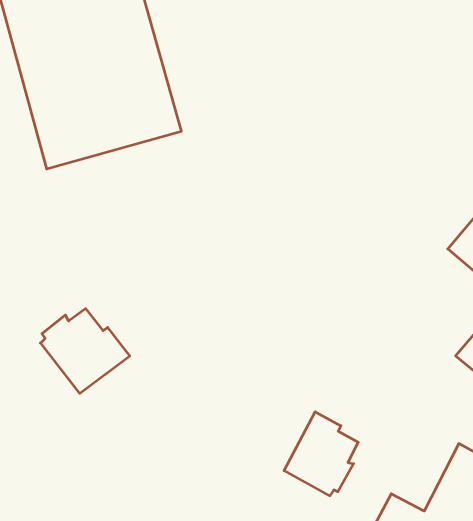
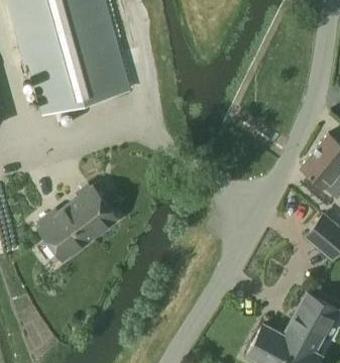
building: none -> [67,185,117,237]
building: [284,412,358,496] -> none

